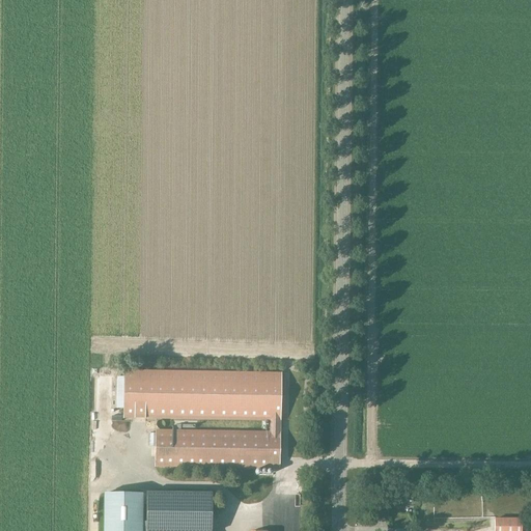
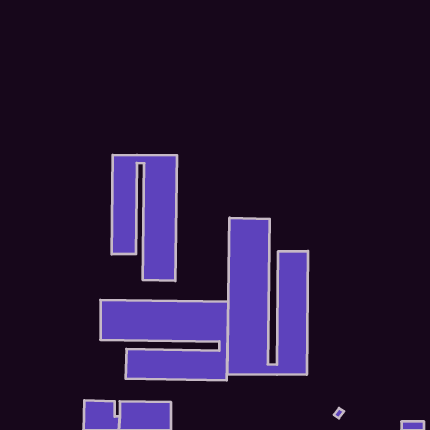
building: none -> [112,155,177,281]
building: none -> [228,218,308,375]

